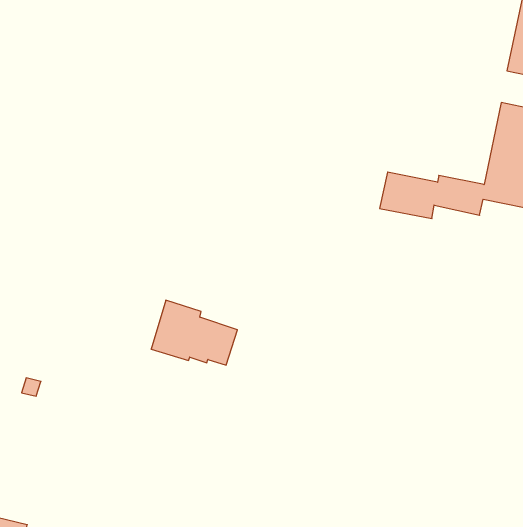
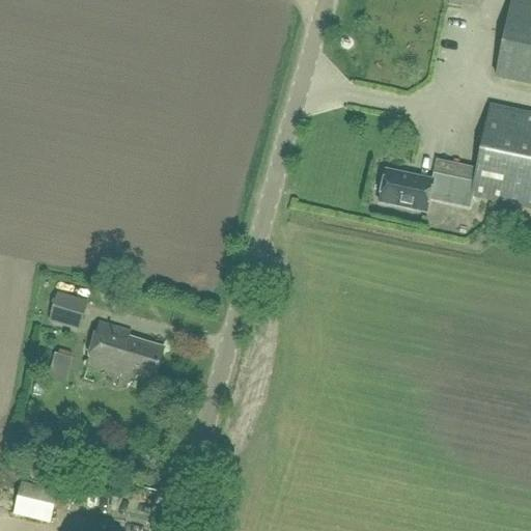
building: [151,300,237,365] -> [85,318,164,378]
building: none -> [49,290,88,329]

